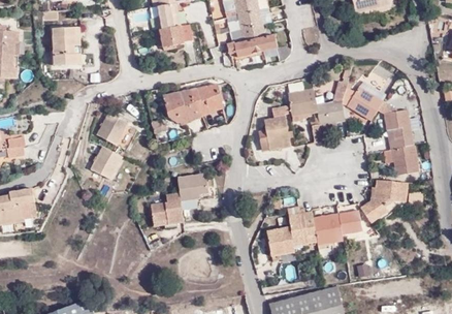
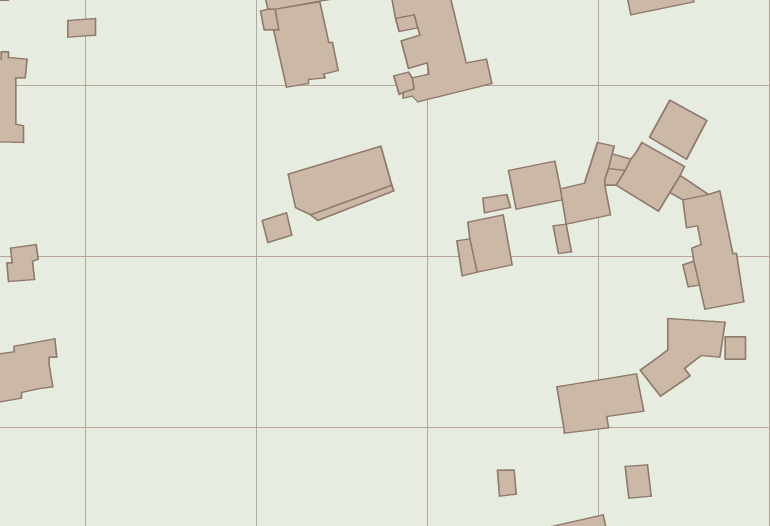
building: [52,30,77,68] -> none
building: [97,114,130,147] -> none
building: [92,149,123,181] -> none
building: [156,178,211,228] -> none
building: [267,211,318,254] -> none

